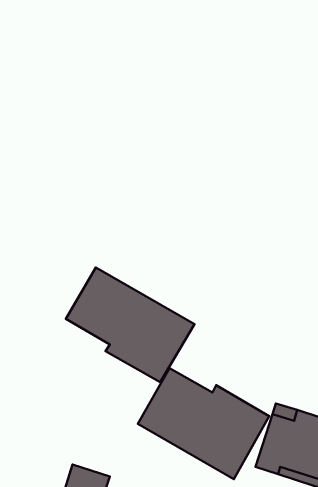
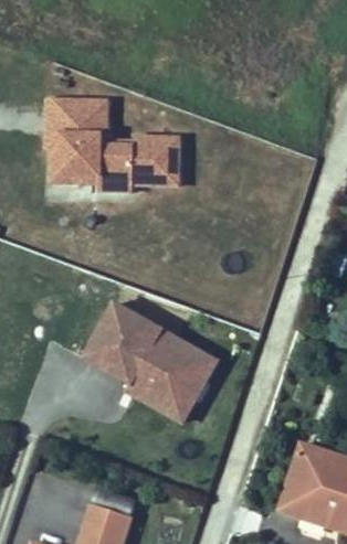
building: none -> [44,97,177,183]
building: [138,368,269,479] -> none

